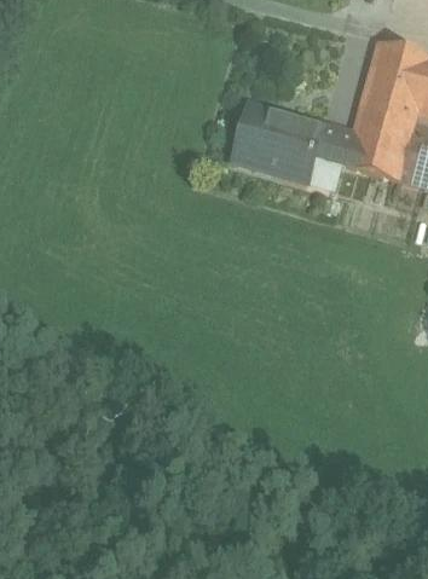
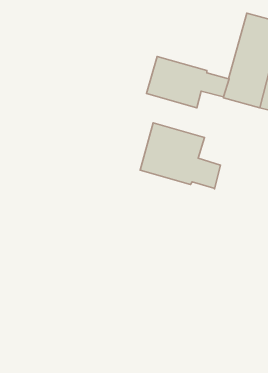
building: none -> [140,123,220,189]

